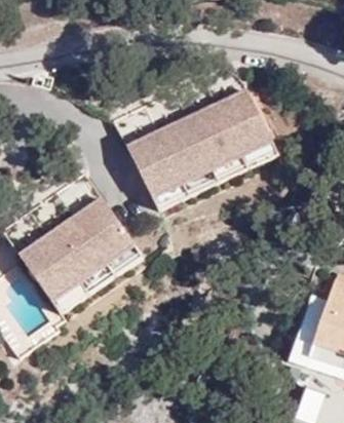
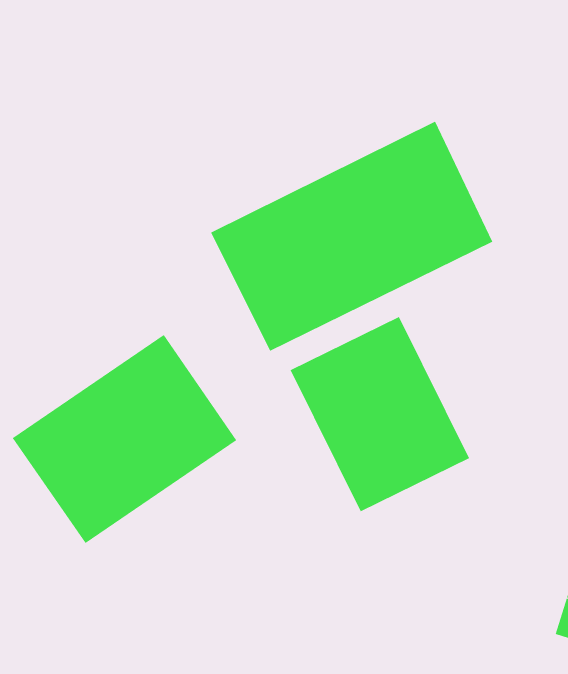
building: none -> [290,316,470,512]

